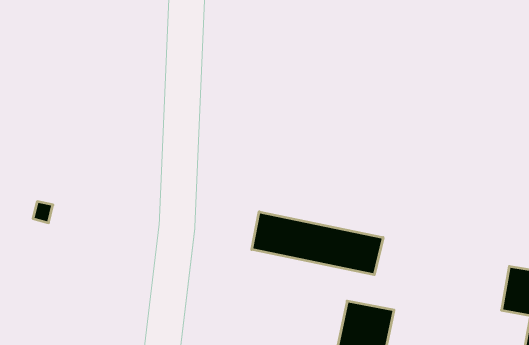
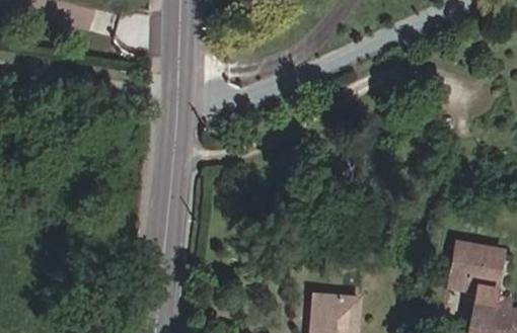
building: [252,212,383,275] -> none

